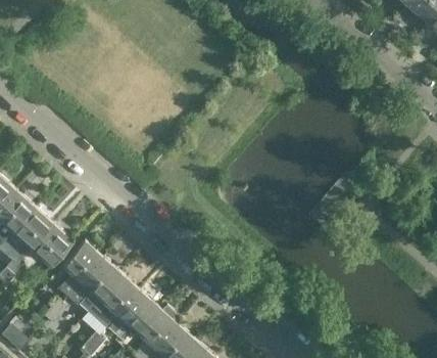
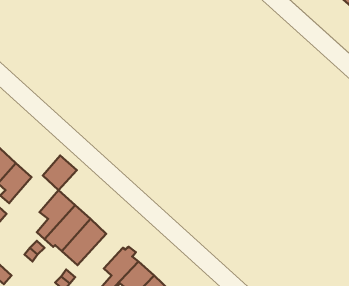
building: [32,224,71,265] -> [43,155,77,190]
building: [106,290,159,331] -> none

